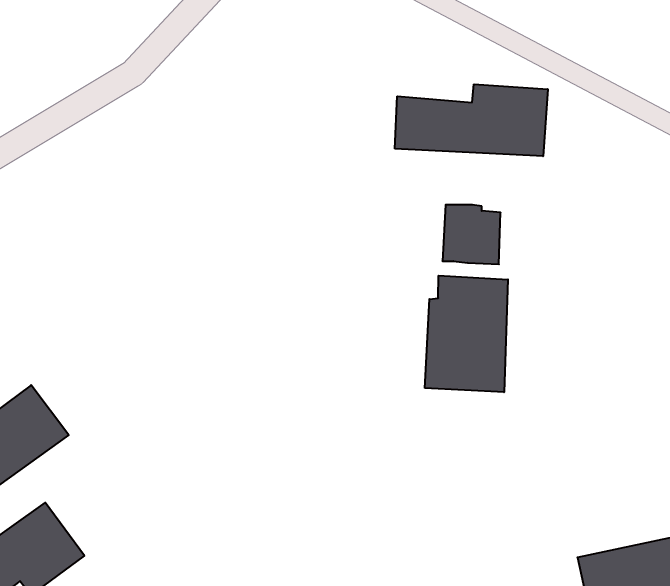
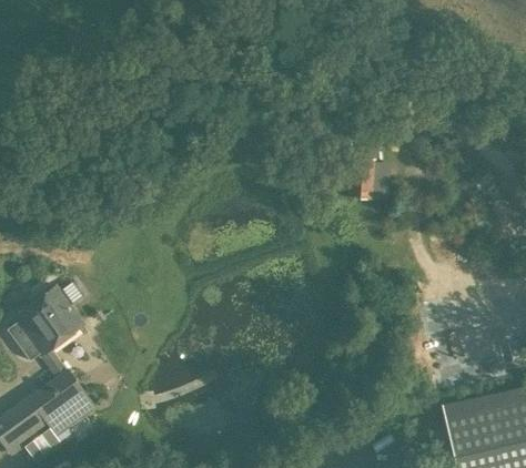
building: [395,84,548,156] -> none
building: [425,276,508,392] -> none

